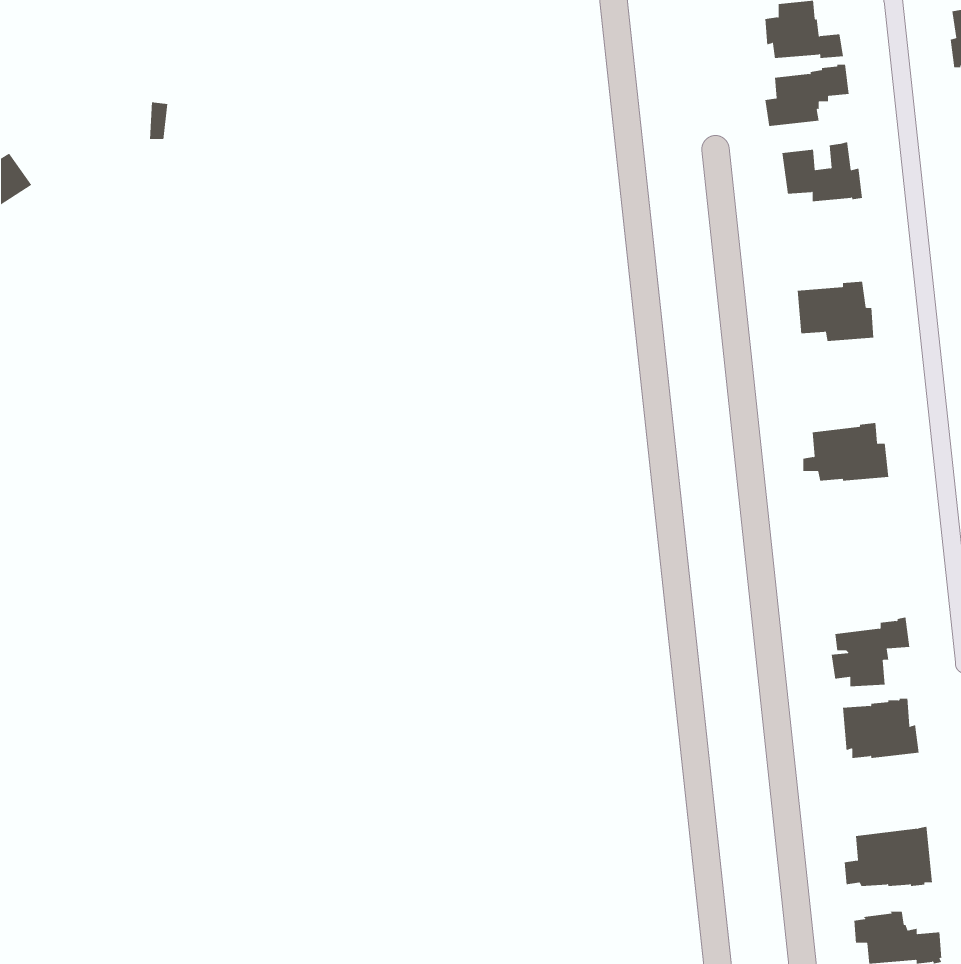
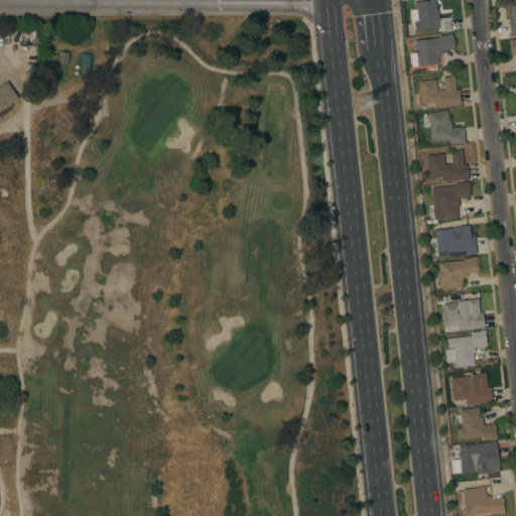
building: none -> [423,111,466,144]
building: none -> [429,182,472,220]
building: none -> [438,257,480,289]
building: none -> [443,298,485,332]
building: none -> [455,407,498,440]

